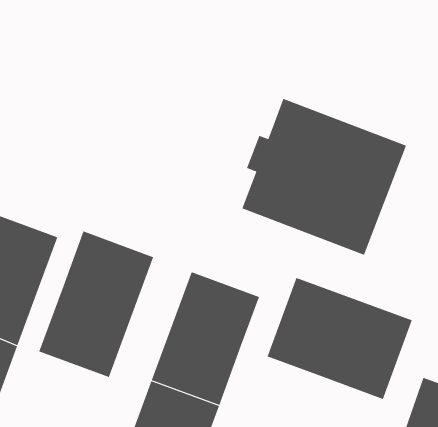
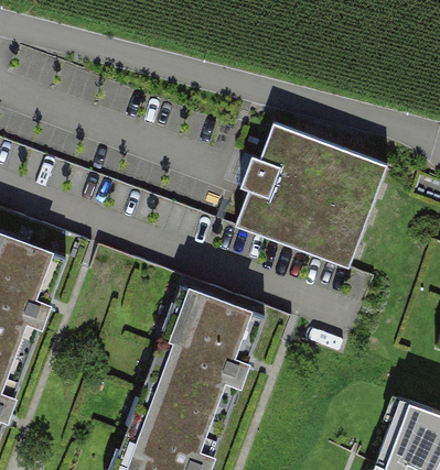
building: [38,230,154,378] -> none
building: [267,277,413,400] -> none

